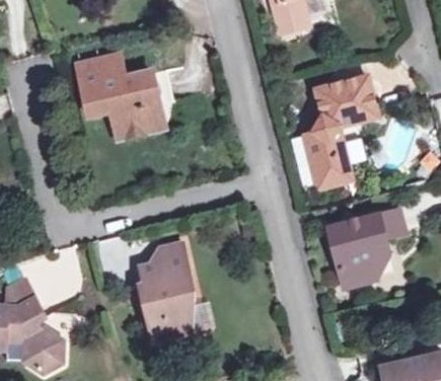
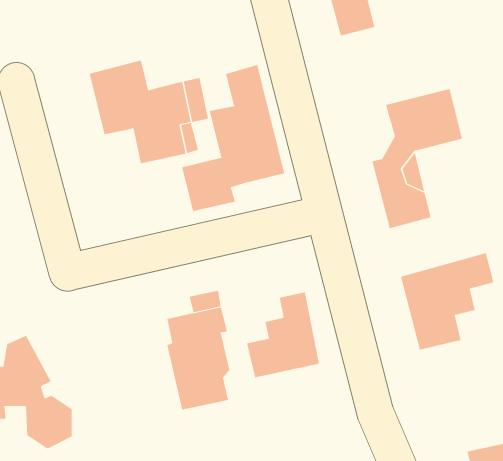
building: none -> [182,64,285,212]
building: none -> [247,291,319,378]

